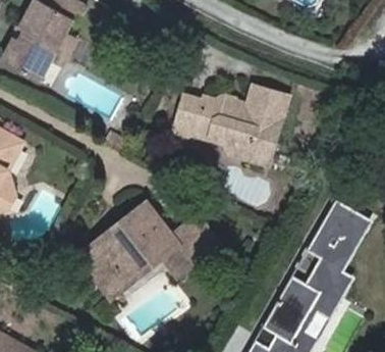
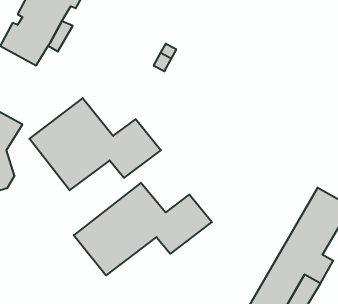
building: [174,86,289,166] -> none
building: none -> [29,98,161,190]

